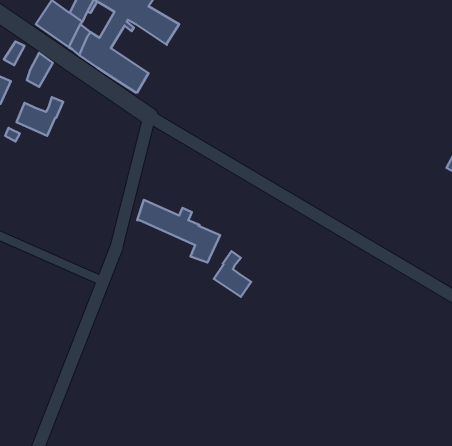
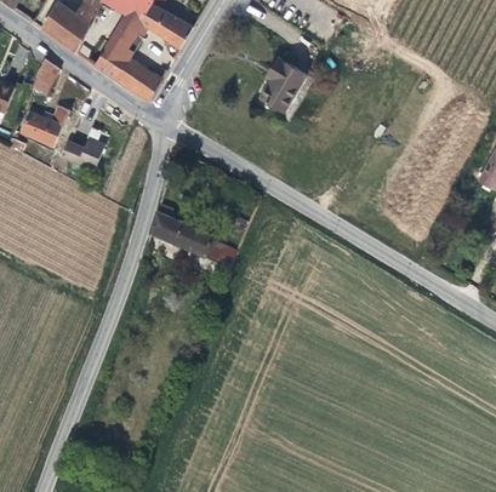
building: none -> [260,56,307,111]
building: none -> [61,126,104,168]
building: [214,251,251,297] -> none

